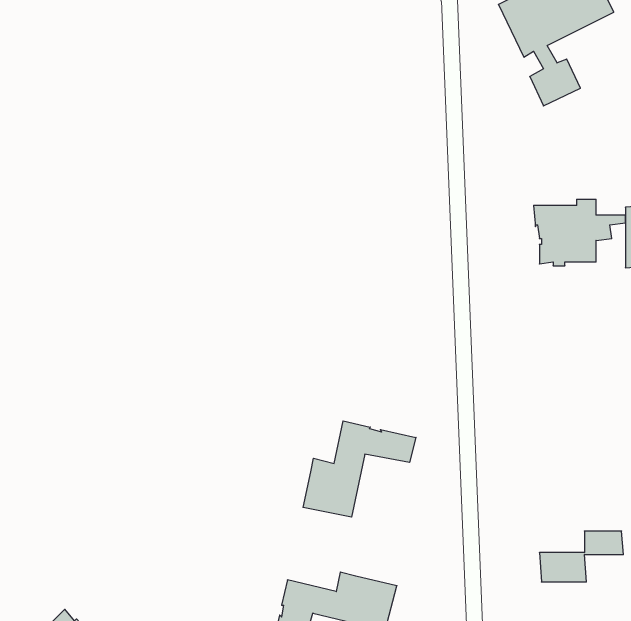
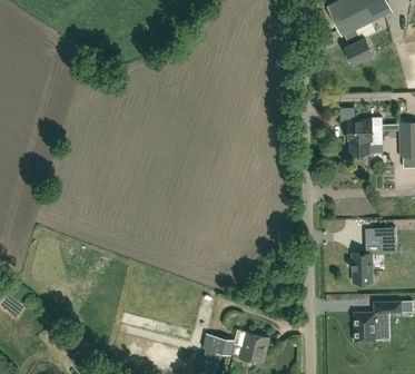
building: none -> [349,239,386,279]
building: [303,421,416,517] -> none

